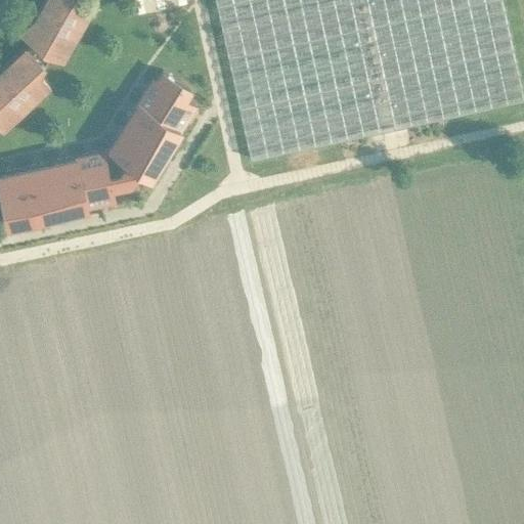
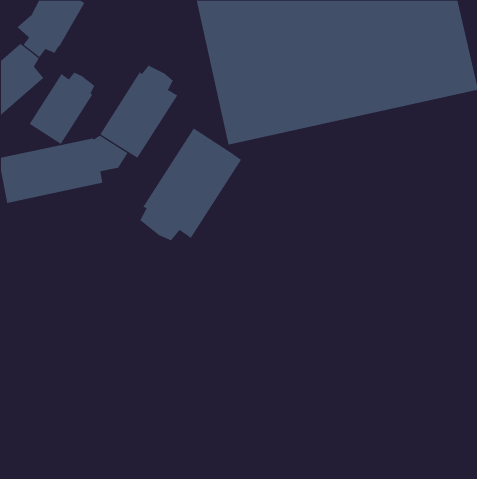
building: none -> [29,72,95,145]
building: none -> [140,128,242,241]

